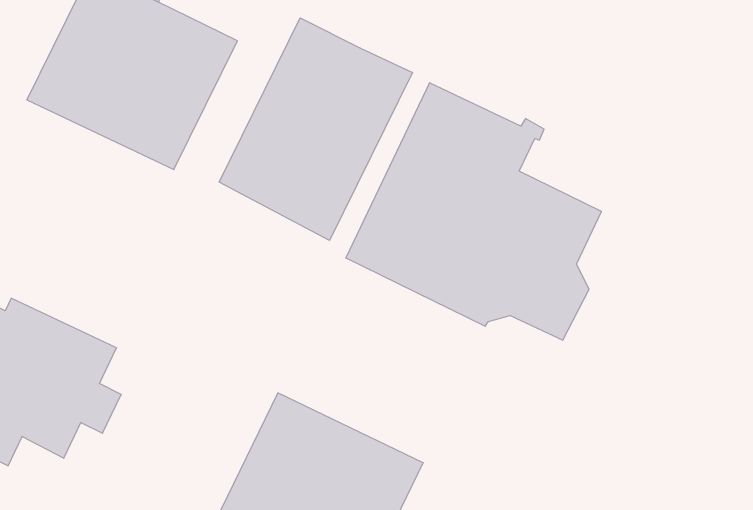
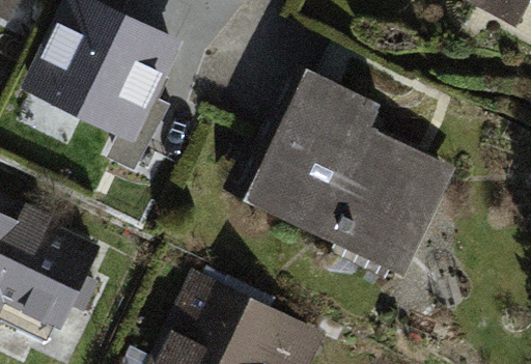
building: [219,18,412,240] -> none

